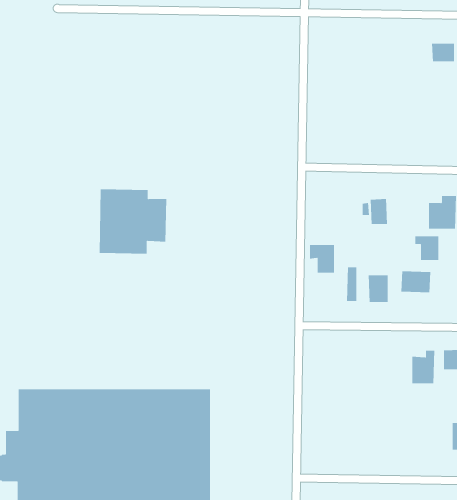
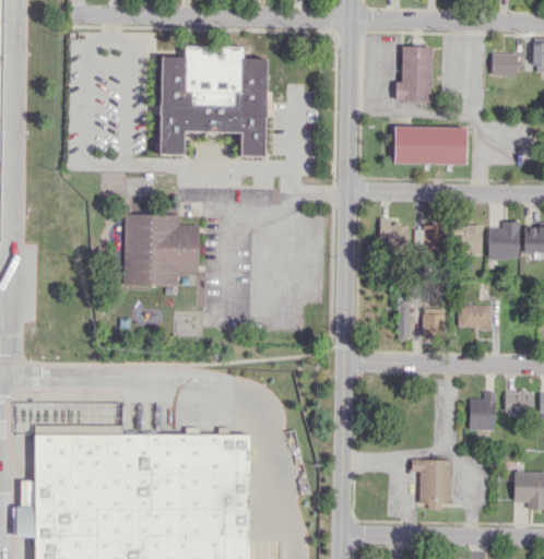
building: none -> [161,46,267,156]
building: none -> [395,46,433,103]
building: none -> [394,126,466,164]
building: [414,236,439,261] -> [454,227,482,254]
building: [309,244,335,273] -> [380,222,409,253]
building: none -> [412,459,452,506]

